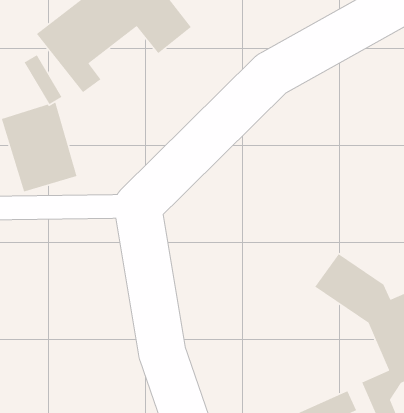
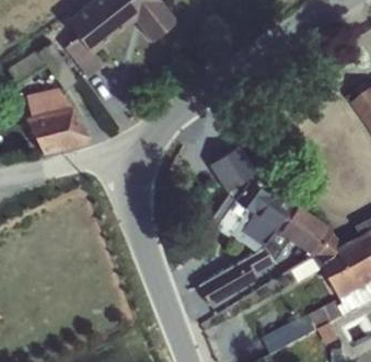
building: none -> [210,144,293,253]
building: none -> [199,254,278,305]

